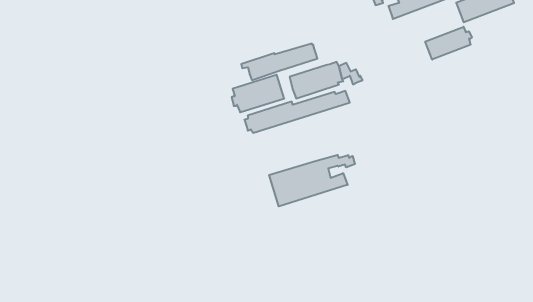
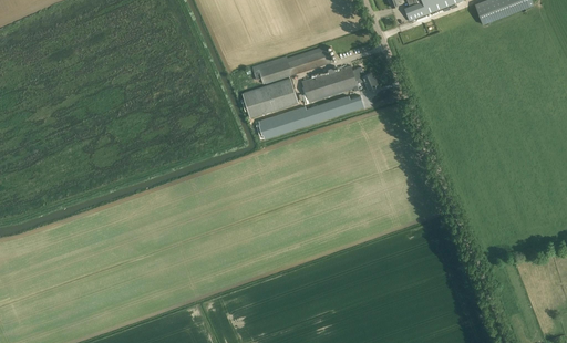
building: [425,27,472,60] -> none
building: [269,155,355,206] -> none

